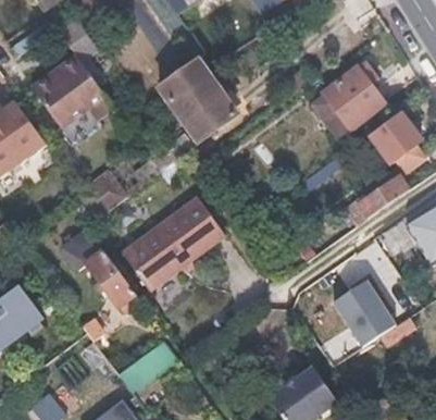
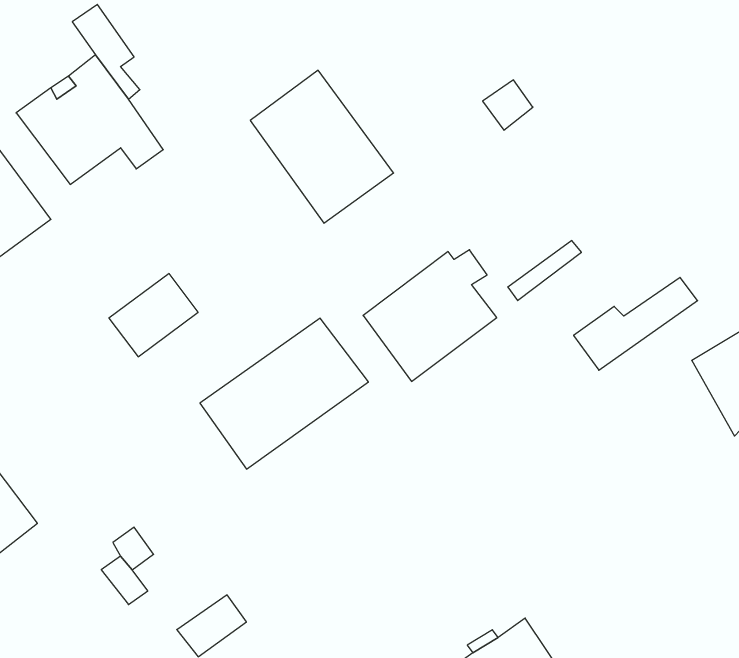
building: [309,66,384,140] -> [363,250,497,381]
building: [371,113,424,171] -> none
building: [65,226,137,313] -> none
building: [334,282,398,351] -> none

